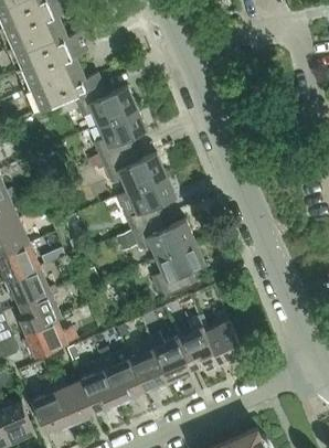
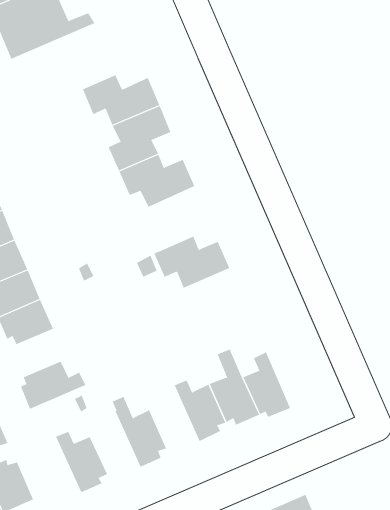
building: [15,41,102,113] -> none
building: [124,174,177,230] -> none
building: [152,242,205,297] -> none
building: [18,291,62,331] -> none
building: [129,338,170,392] -> none
building: [81,359,121,413] -> none
building: [32,380,73,434] -> none

